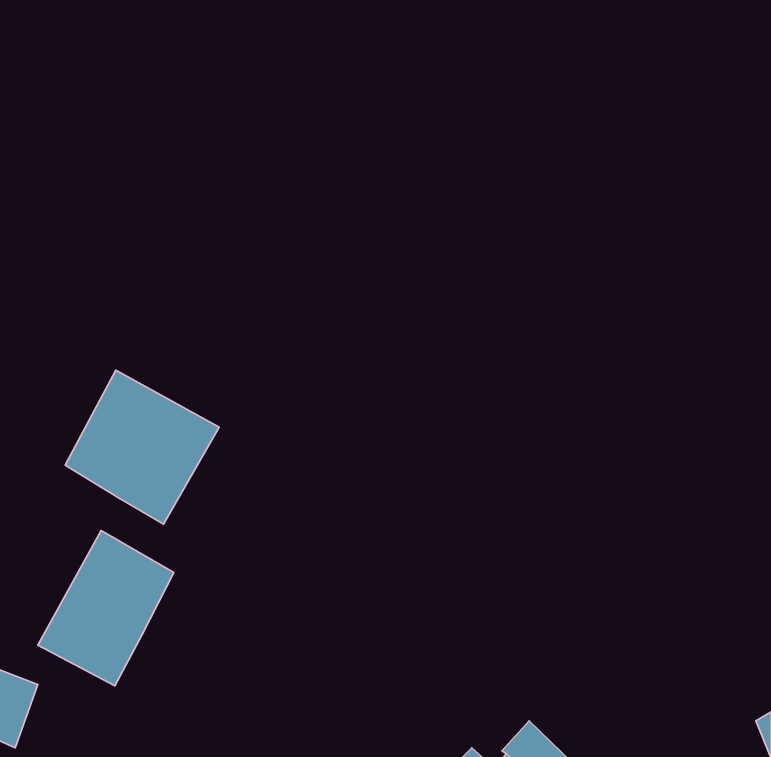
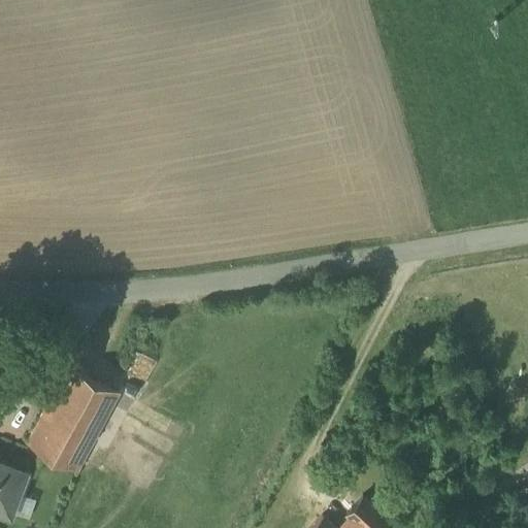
building: [65,370,219,524] -> none

